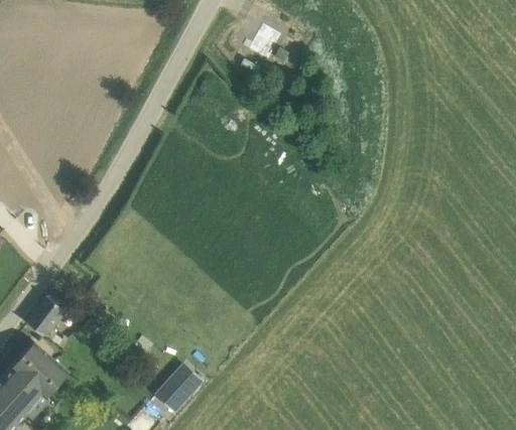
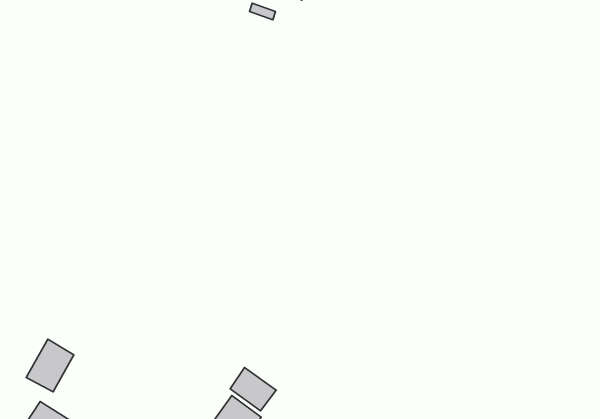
building: none -> [230,367,276,411]

